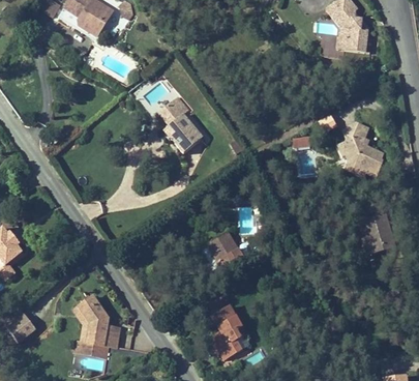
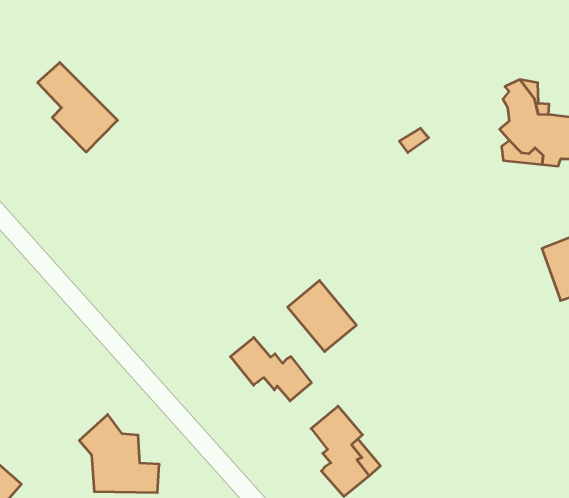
building: [161,101,206,156] -> [38,62,118,152]
building: none -> [230,337,311,401]

